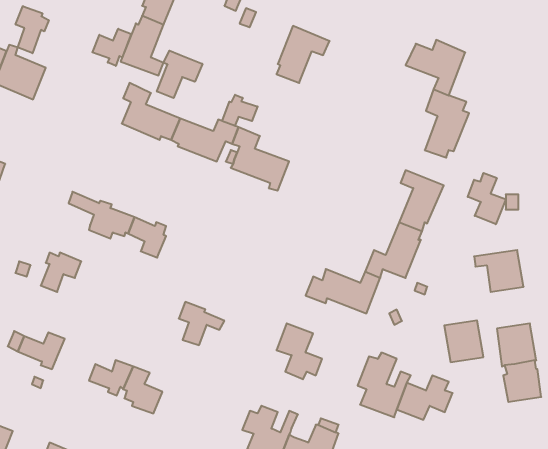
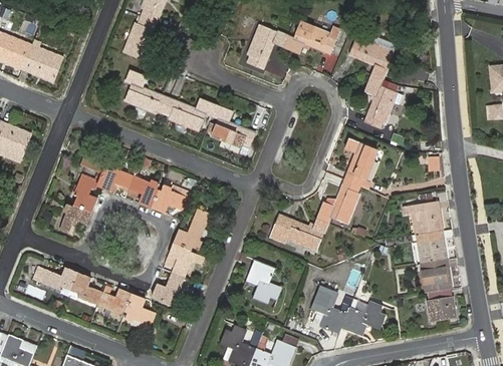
building: [16,6,49,53] -> none
building: none -> [283,20,341,55]
building: [92,29,131,66] -> none
building: [157,51,202,98] -> none
building: [222,95,258,126] -> none
building: [468,173,506,224] -> none
building: none -> [74,174,98,211]
building: none -> [152,185,187,213]
building: none -> [174,210,210,250]
building: [444,320,483,362] -> [416,231,447,264]
building: none -> [71,272,102,305]
building: none -> [152,273,185,304]

